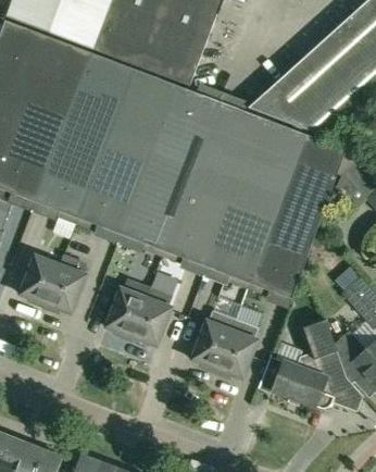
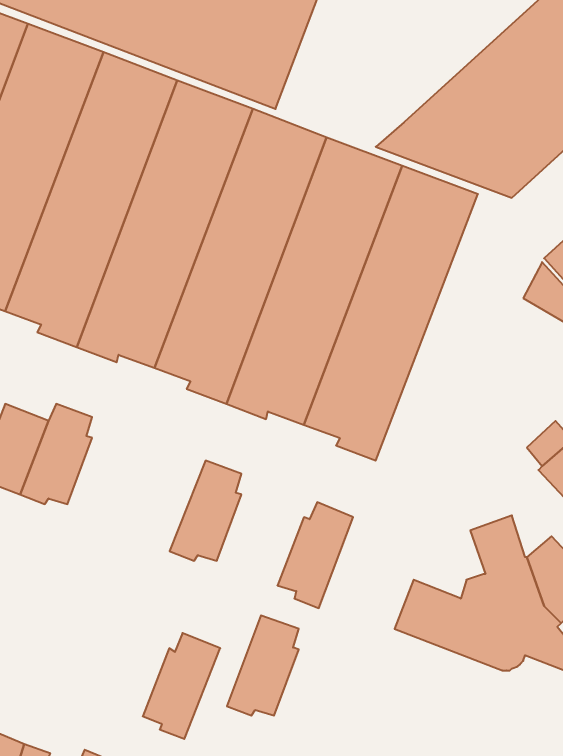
building: [248,133,346,297] -> none
building: [105,277,150,338] -> [143,633,220,739]
building: [215,319,256,376] -> [227,615,299,716]

